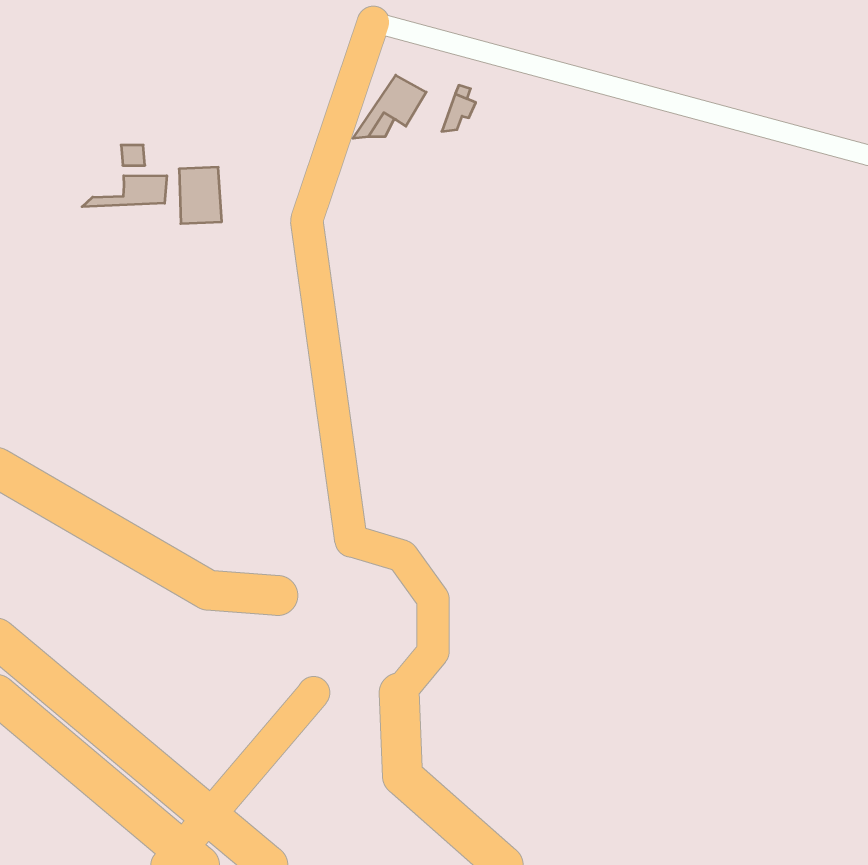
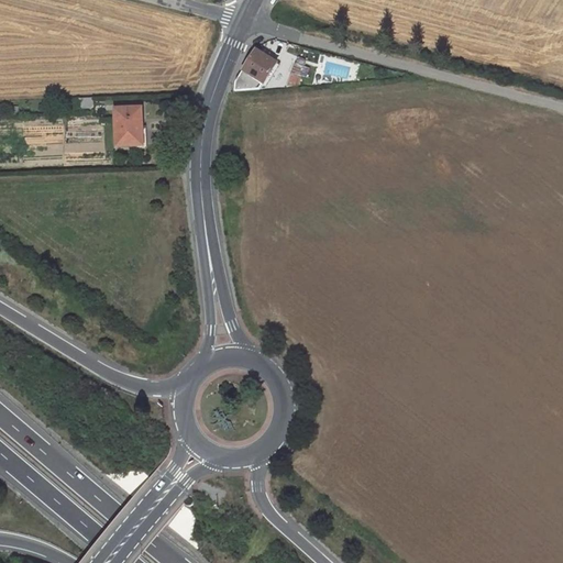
building: [82,176,167,207] -> none

